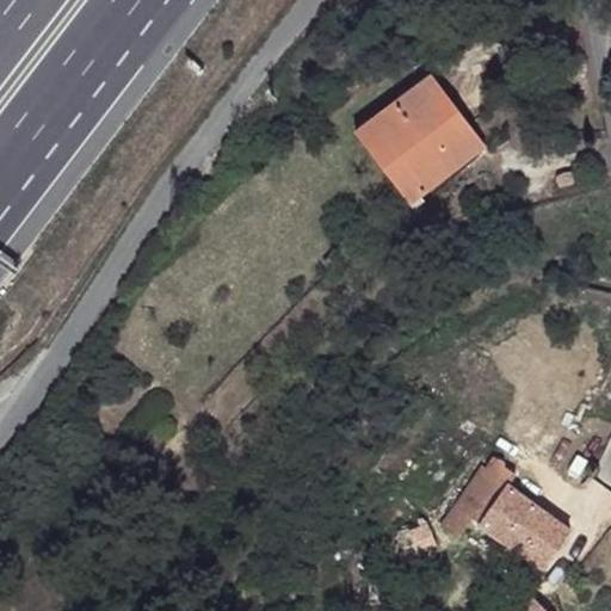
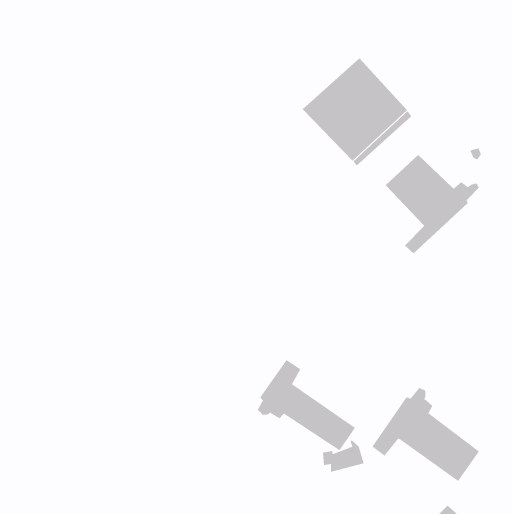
building: none -> [385,154,480,254]
building: none -> [257,359,356,451]

